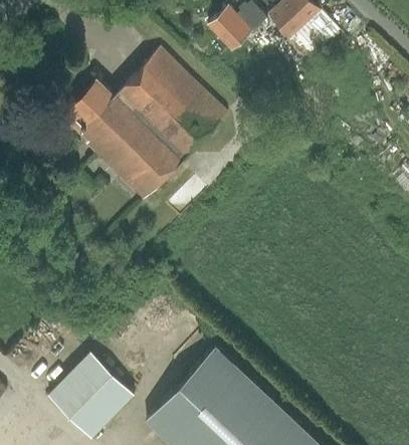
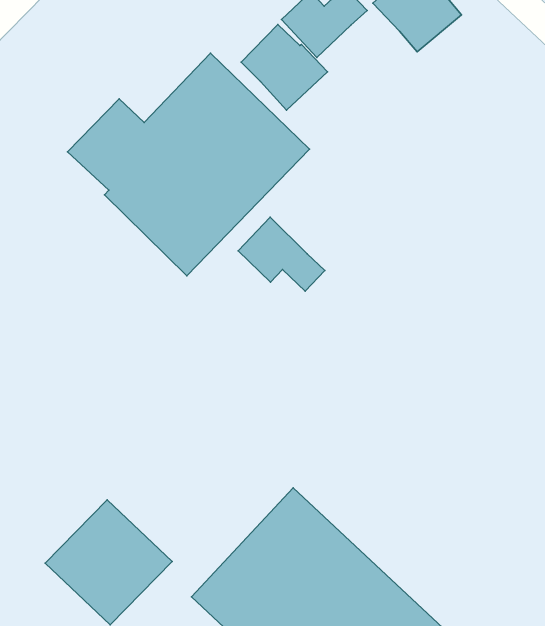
building: none -> [241,24,327,110]
building: none -> [238,217,325,291]

